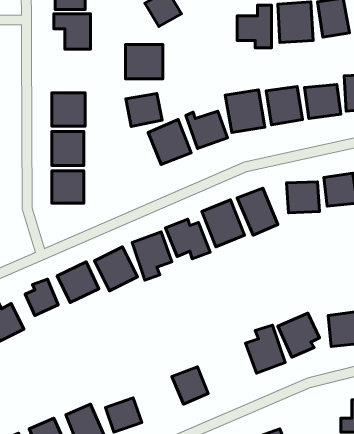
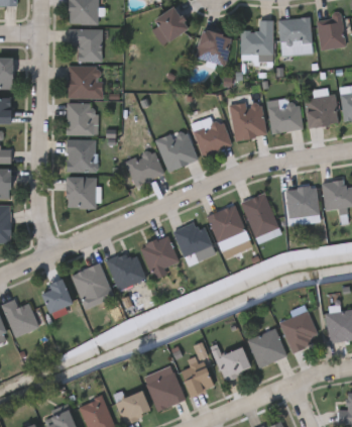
building: none -> [195,28,232,66]
building: [125,45,163,79] -> [67,66,102,98]
building: [126,93,162,127] -> [127,151,161,183]
building: none -> [215,346,250,380]
building: none -> [143,366,185,410]

